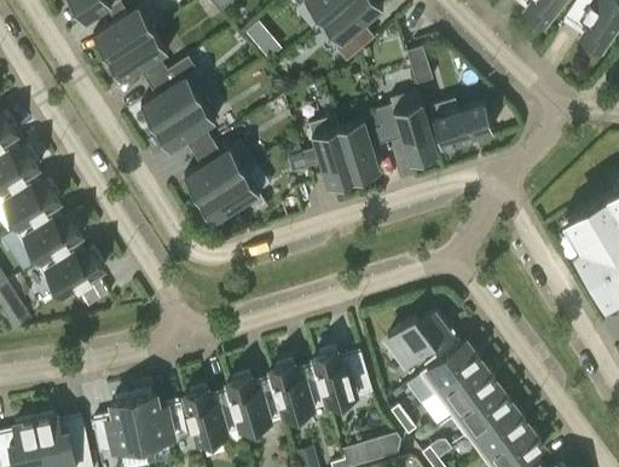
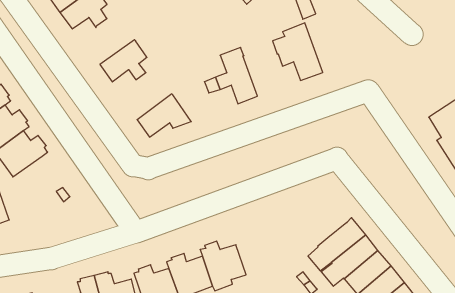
building: [140,57,212,128] -> none
building: [429,99,493,146] -> none
building: [337,119,387,179] -> none
building: [184,142,255,201] -> none
building: [36,241,104,299] -> none
building: [387,311,458,364] -> none
building: [313,348,372,414] -> none

